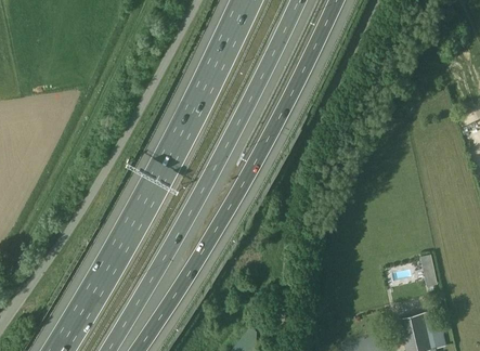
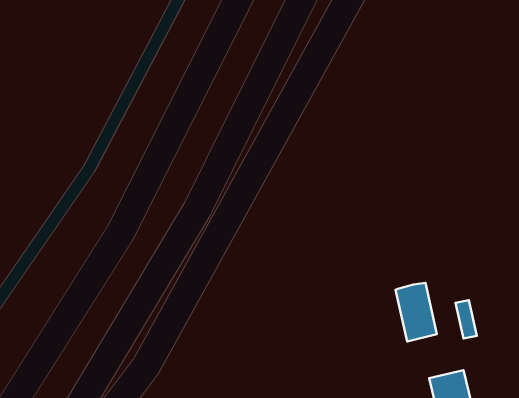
building: none -> [396,283,437,341]

